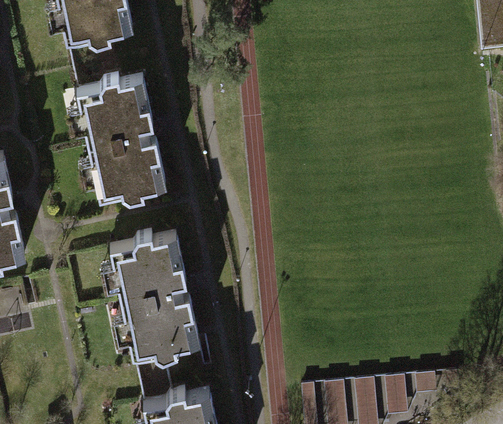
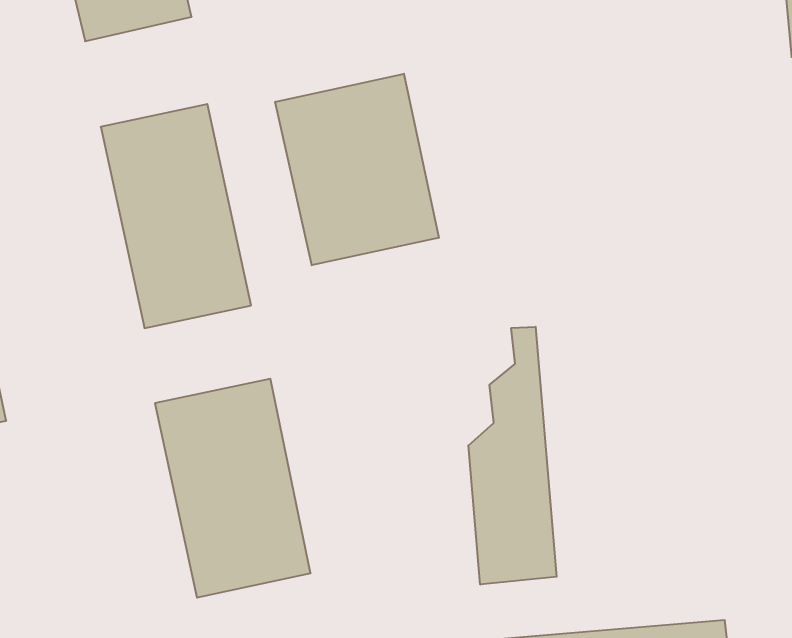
building: none -> [275,74,439,265]
building: none -> [468,327,557,585]

